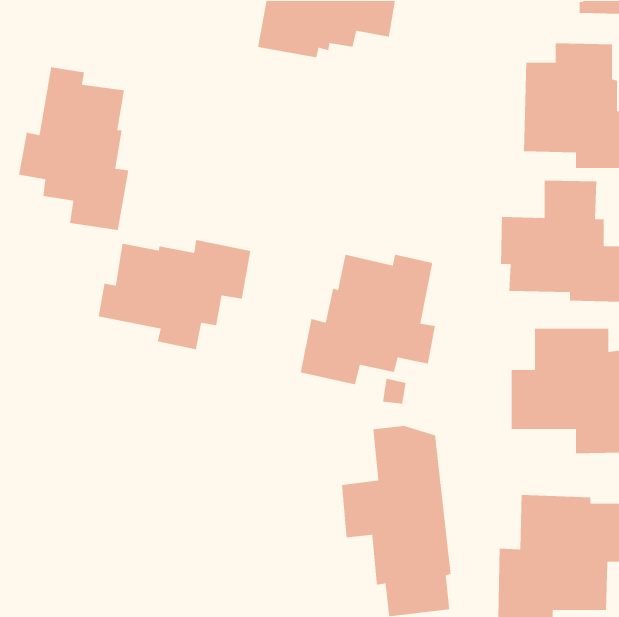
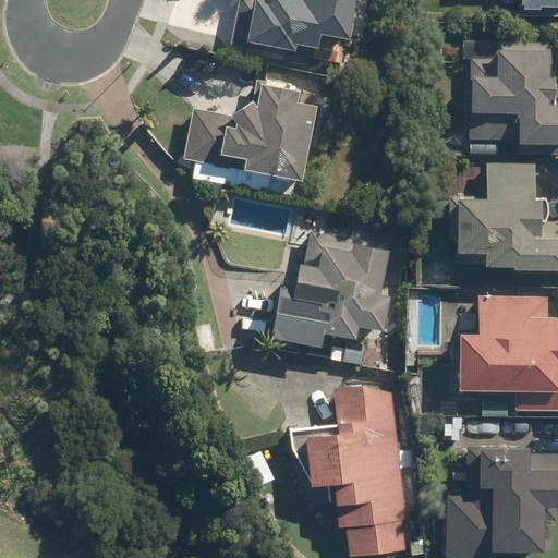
building: [18,67,129,231] -> none
building: none -> [185,82,316,195]
building: [98,239,251,350] -> none

